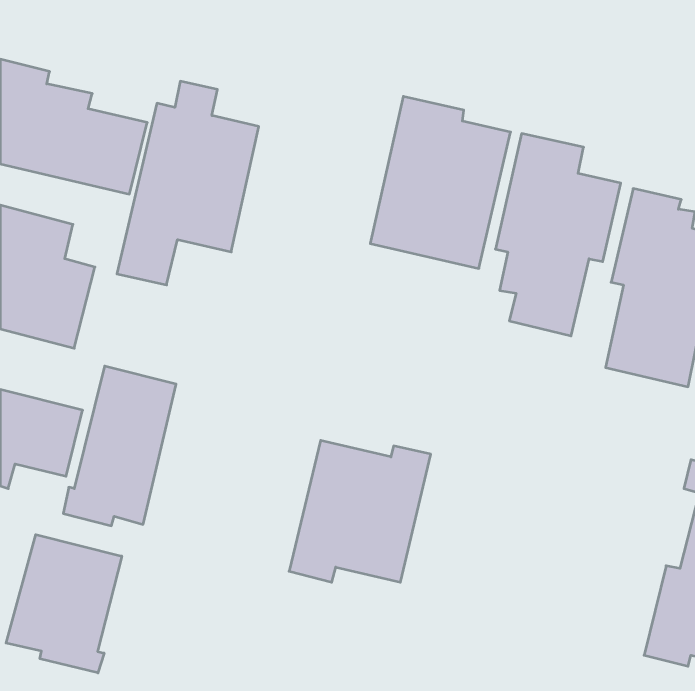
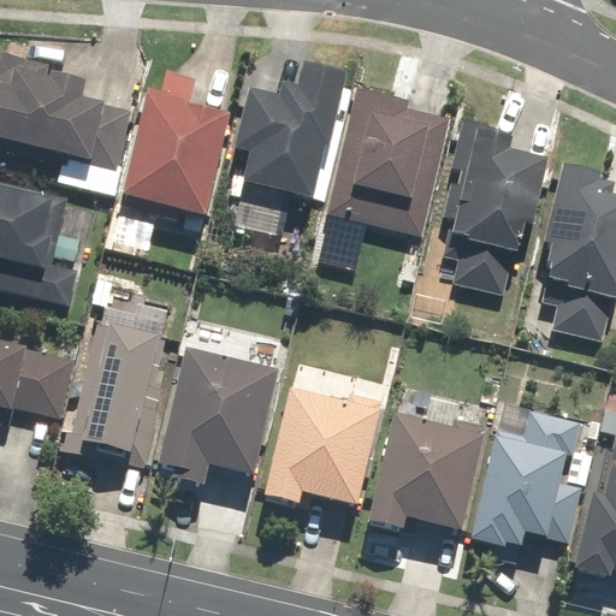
building: none -> [231,65,348,232]
building: none -> [152,349,279,488]
building: none -> [467,398,586,550]
building: none -> [365,410,488,534]
building: [6,535,122,673] -> none

